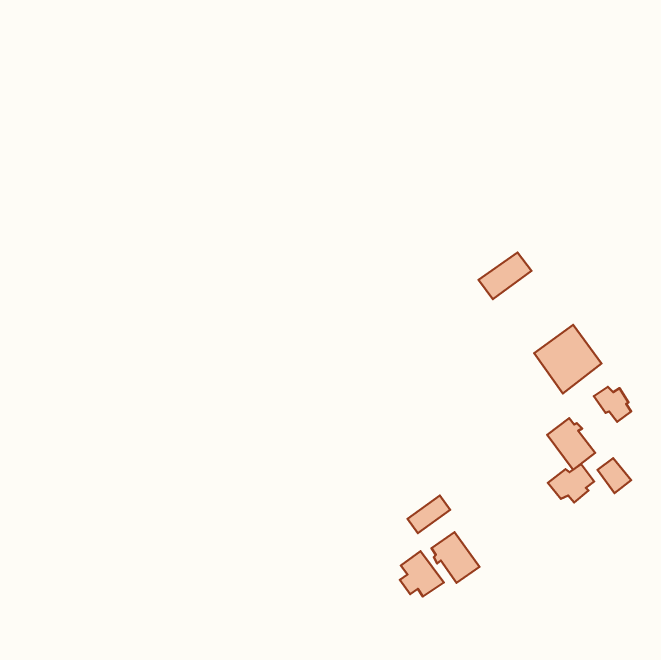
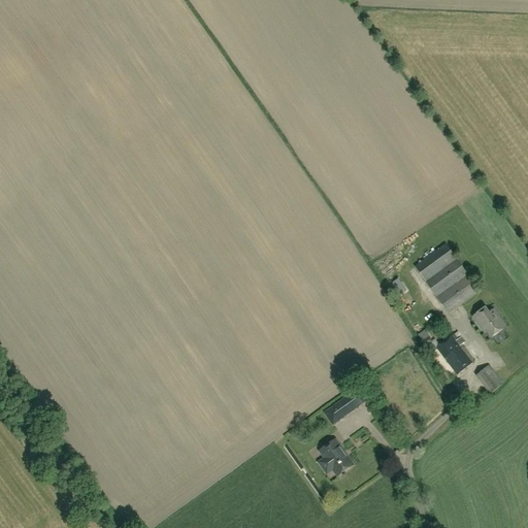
building: [479,253,532,299] -> [415,244,457,282]
building: [548,464,594,502] -> none
building: [431,532,479,583] -> none

